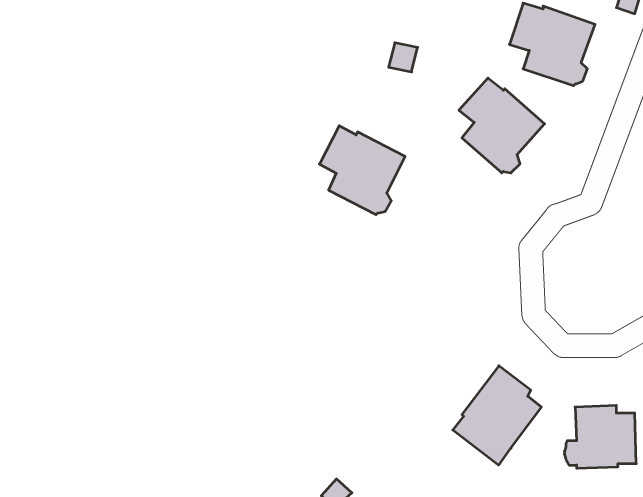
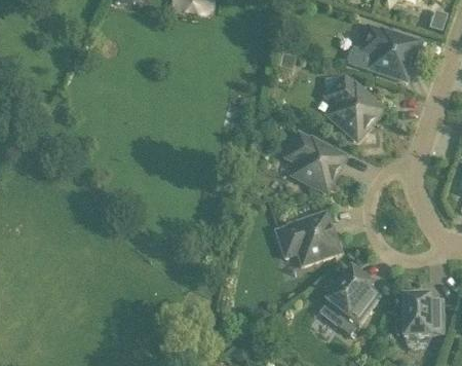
building: [319,126,405,215] -> [285,133,343,192]
building: none -> [276,213,340,265]

